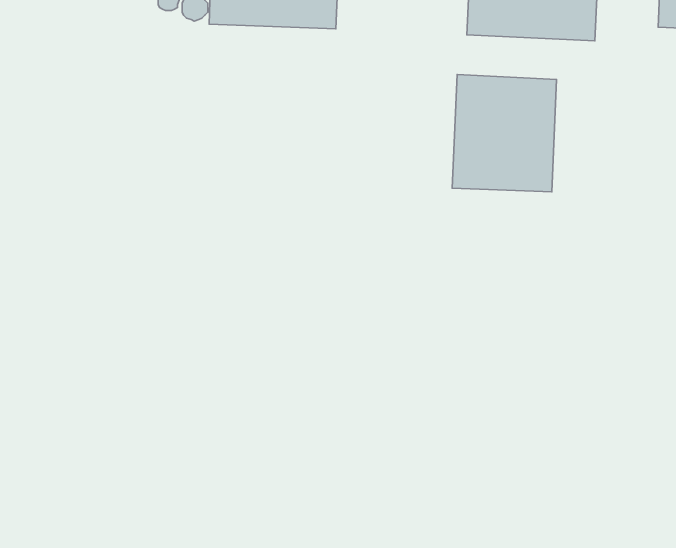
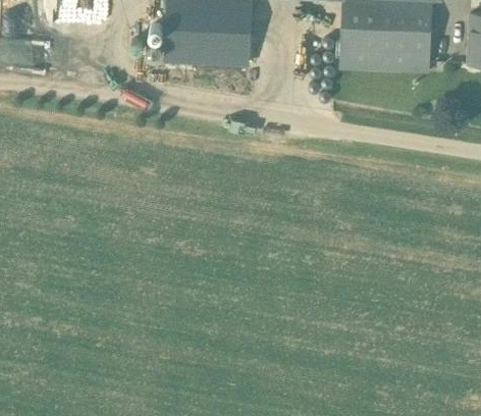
building: [452,74,557,192] -> none

